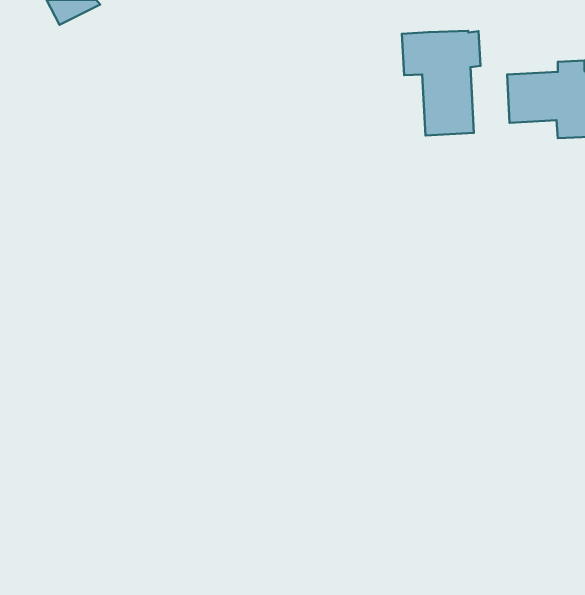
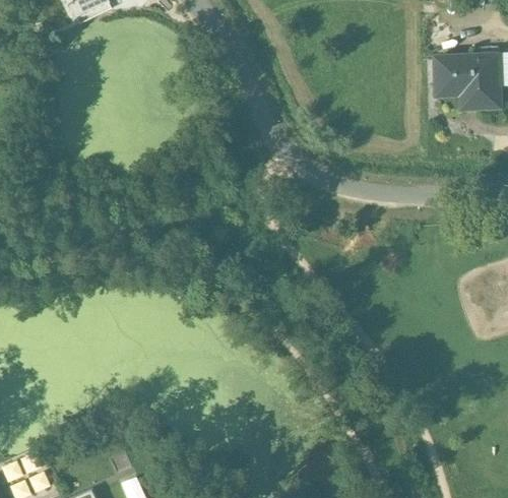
building: [402,31,481,136] -> none

